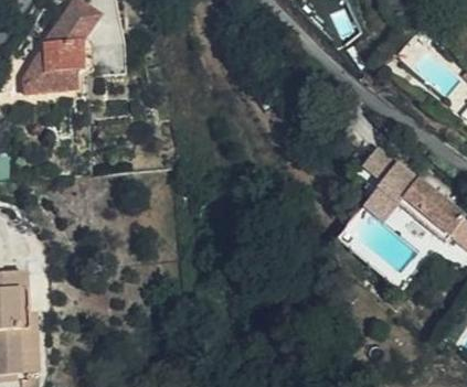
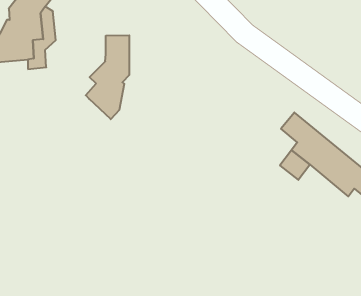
building: none -> [86,35,129,119]

